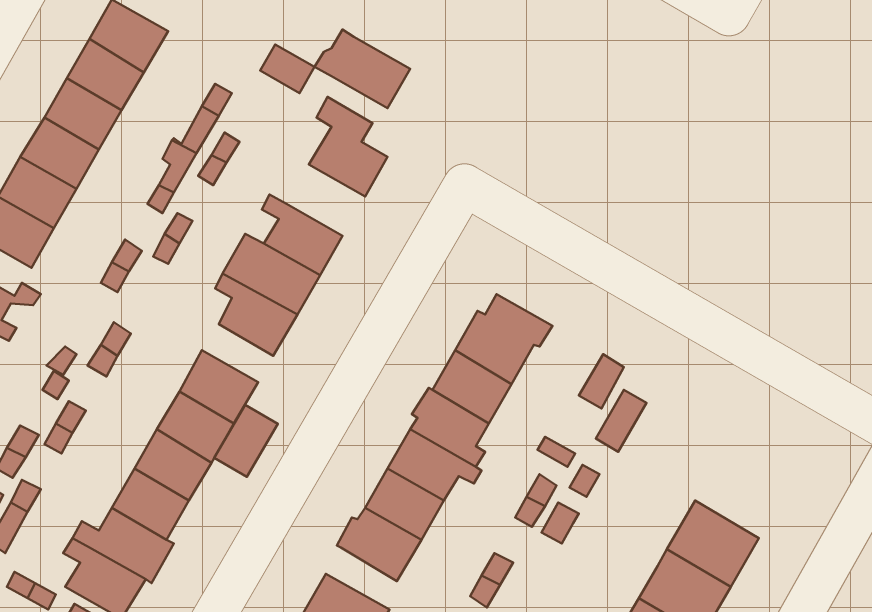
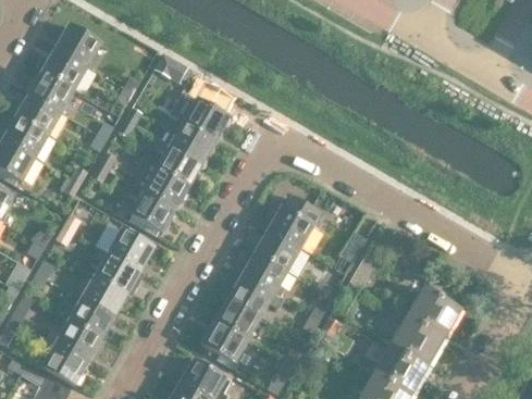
building: [314,29,410,108] -> [160,117,215,163]
building: [214,405,278,477] -> none
building: none -> [407,287,460,338]

